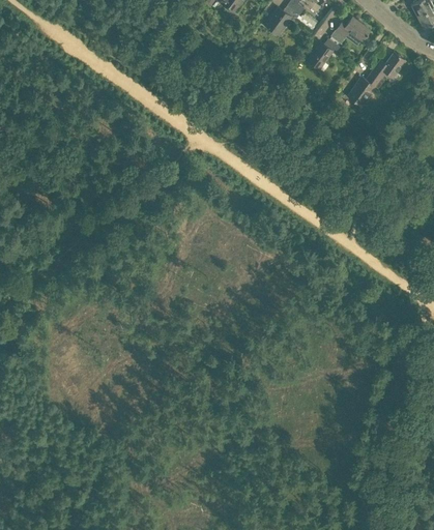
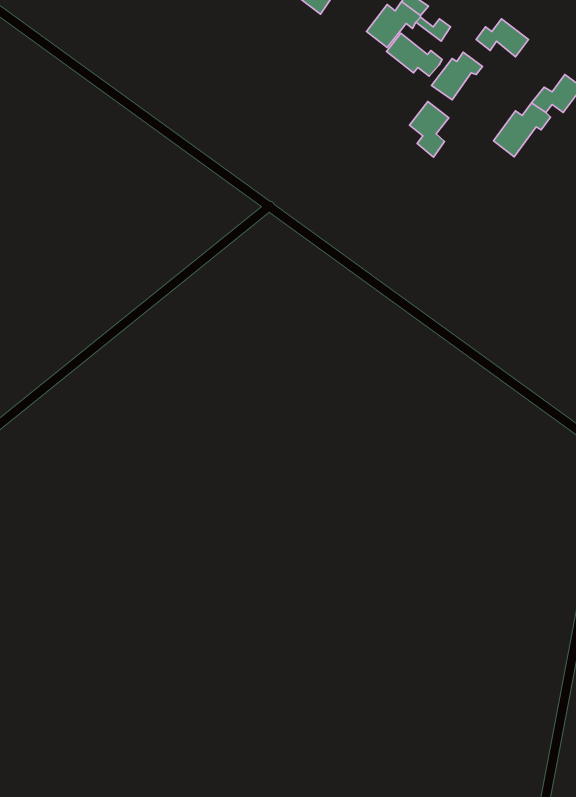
building: none -> [387,33,442,76]
building: none -> [410,102,449,157]

